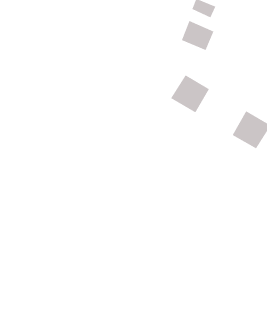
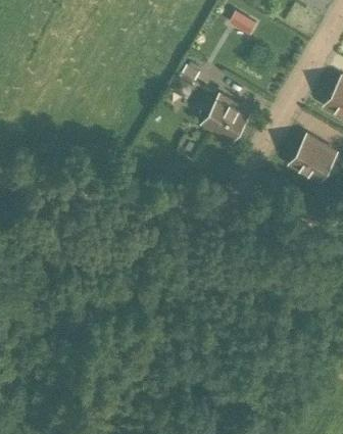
building: [181,20,214,51] -> none

